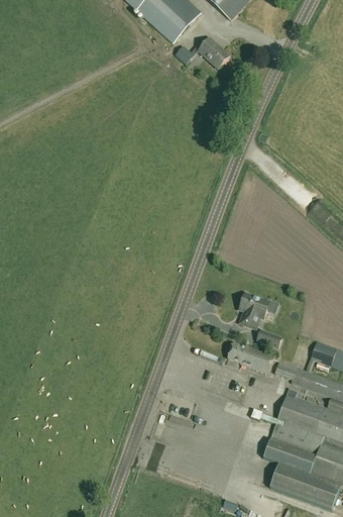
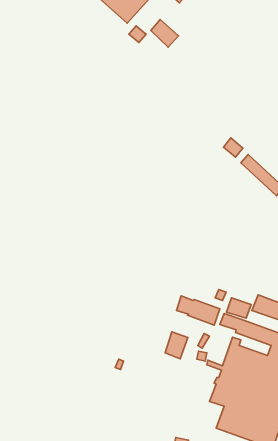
building: [238,293,266,328] -> none
building: none -> [227,298,251,318]
building: none -> [165,332,188,359]

